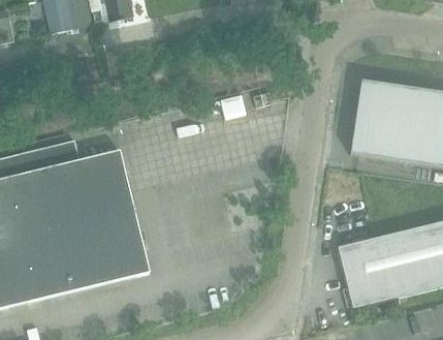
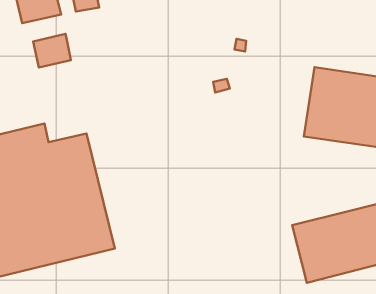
building: none -> [33,34,71,67]

